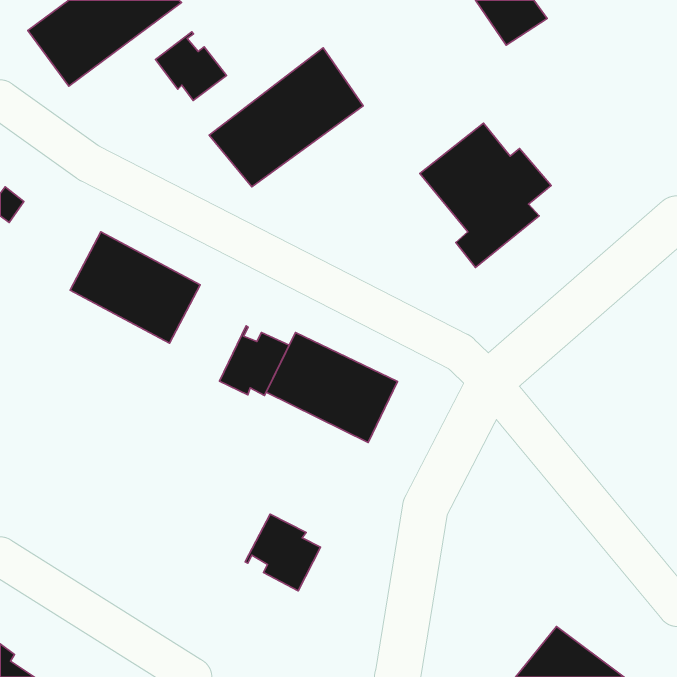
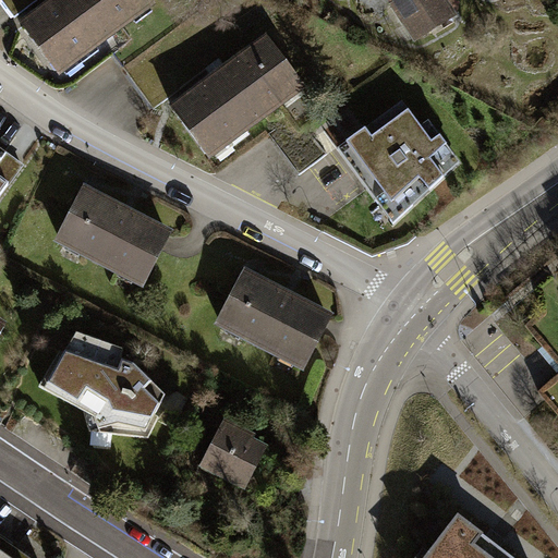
building: [155,32,227,101] -> none
building: [220,326,289,395] -> none
building: none -> [37,332,166,437]

